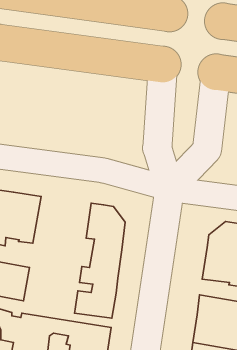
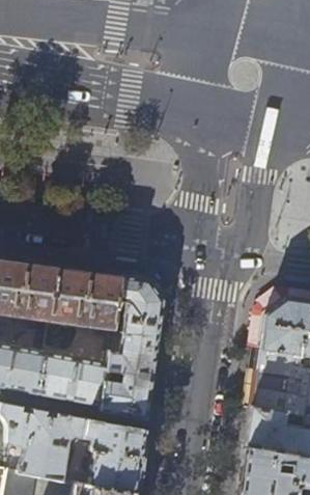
building: none -> [48,267,120,338]
building: none -> [36,346,110,407]

